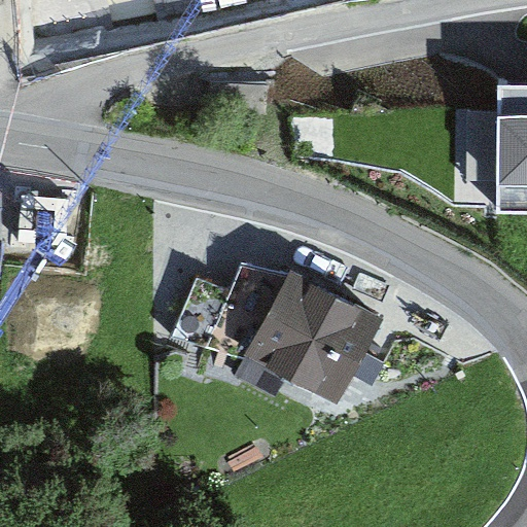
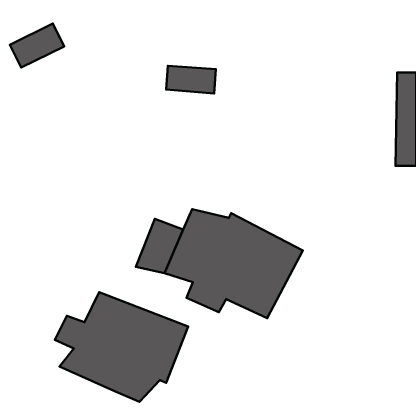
building: none -> [55,292,188,402]

